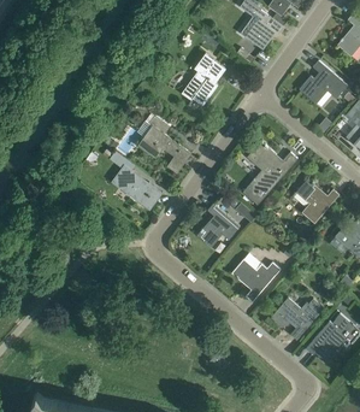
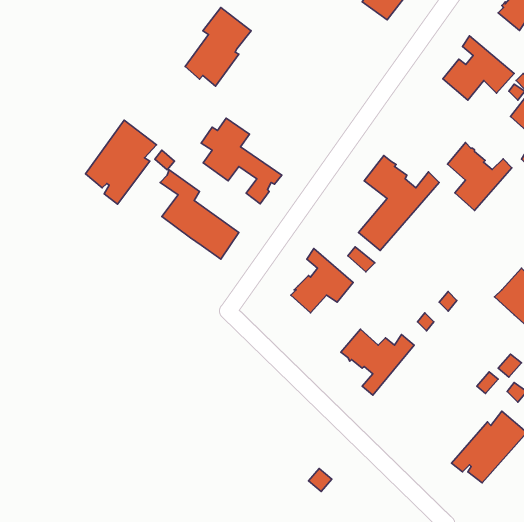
building: [182,54,226,107] -> [185,8,251,86]
building: none -> [85,120,156,204]
building: [296,179,340,225] -> [448,143,512,211]
building: [271,299,324,341] -> none

